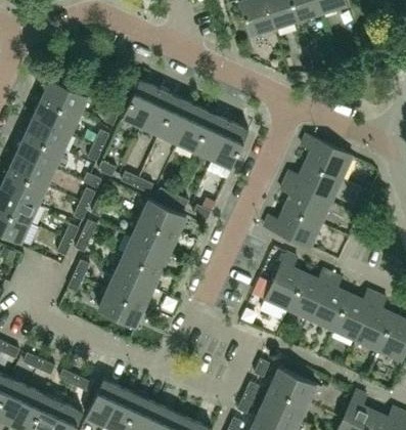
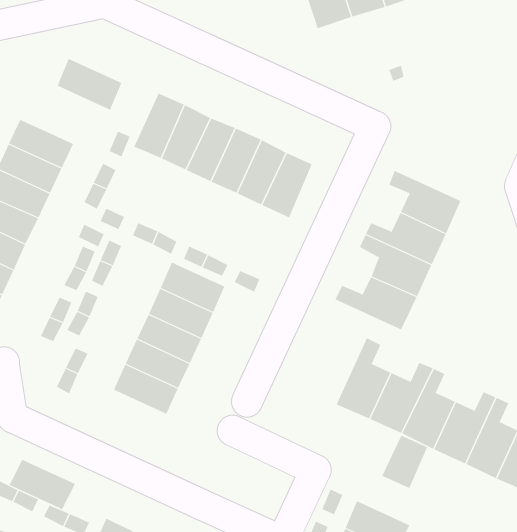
building: [42,79,88,116] -> [57,58,122,111]
building: [98,289,145,325] -> [9,459,76,510]
building: none -> [381,435,428,489]

